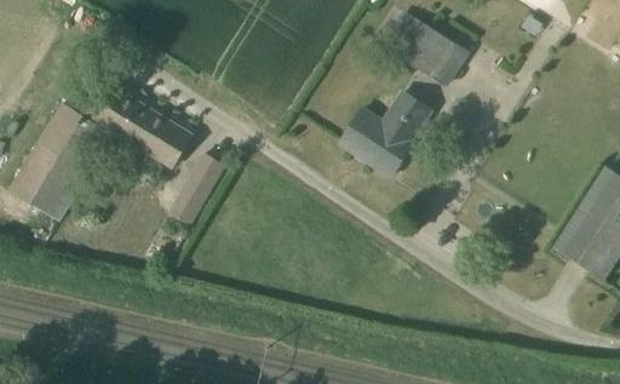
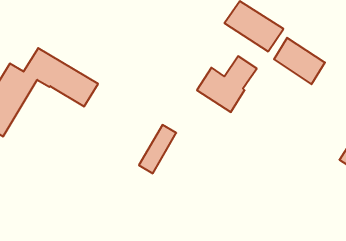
building: none -> [274,38,325,84]
building: [170,154,225,227] -> [139,125,176,173]

